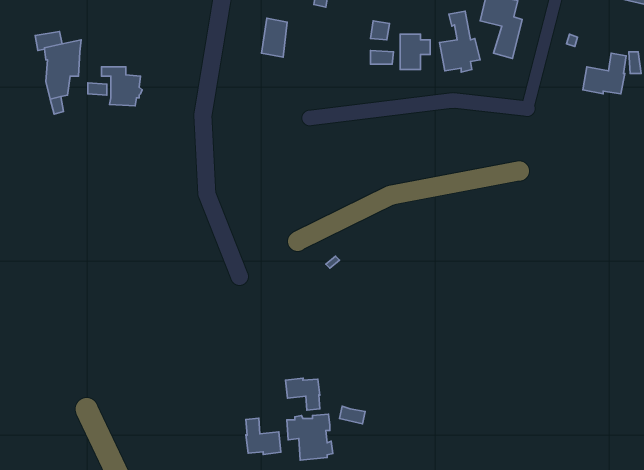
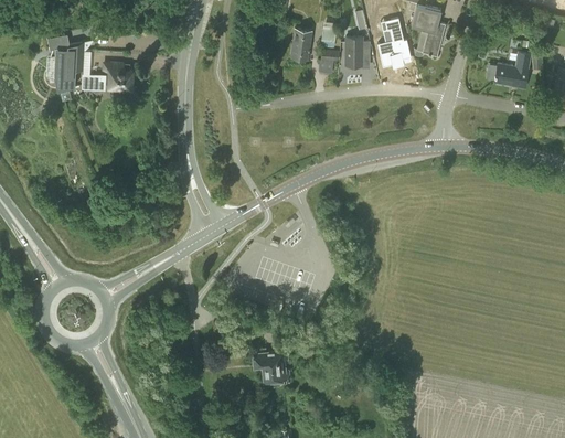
building: [262,18,287,57] -> [290,28,311,60]
building: [286,378,320,410] -> none
building: [246,418,281,454] -> none

